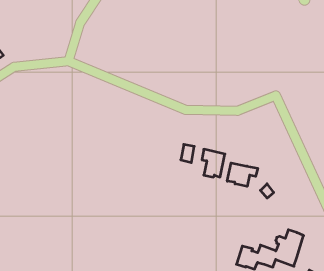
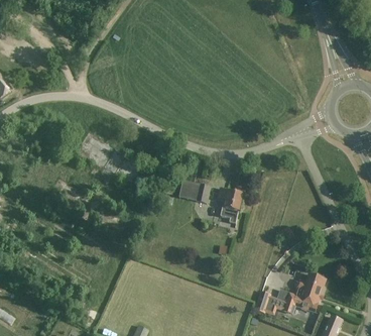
building: [227,163,258,186] -> none

